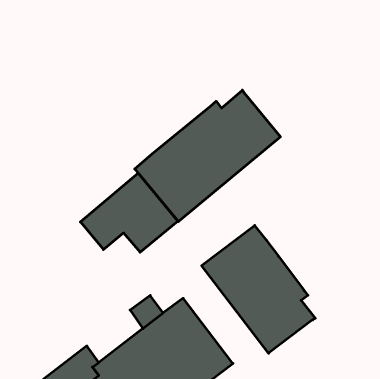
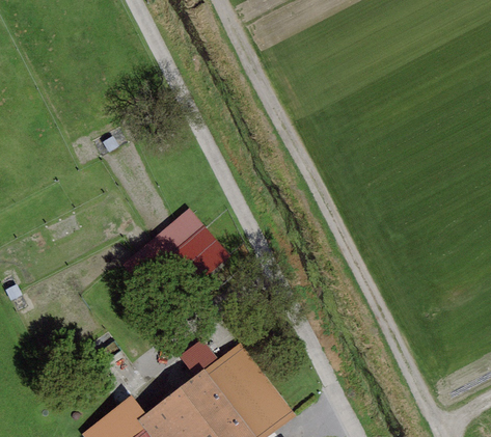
building: [135,90,280,222] -> none
building: [202,225,315,353] -> none

